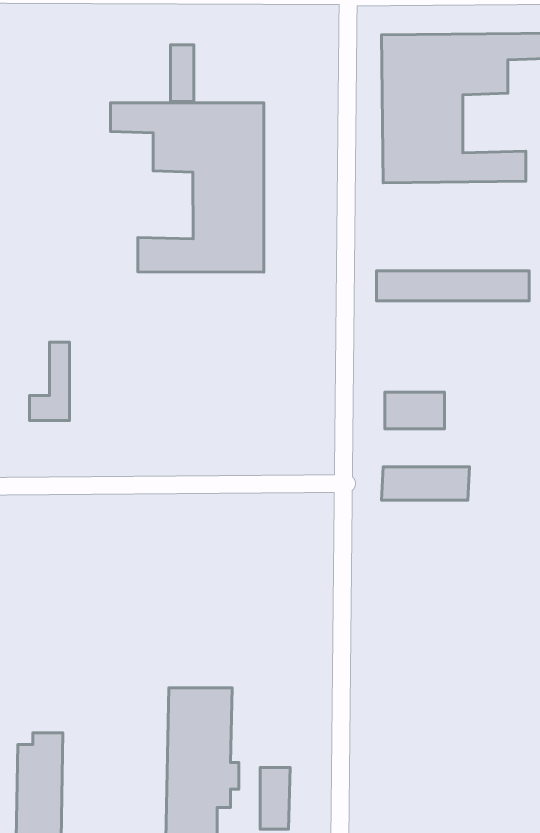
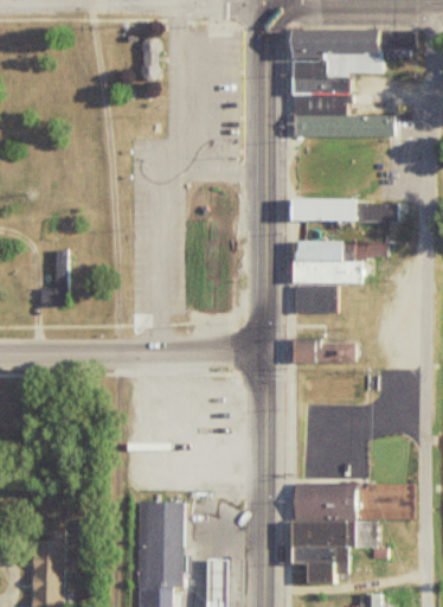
building: [110,103,264,272] -> none
building: none -> [293,242,385,283]
building: none -> [290,483,357,582]

